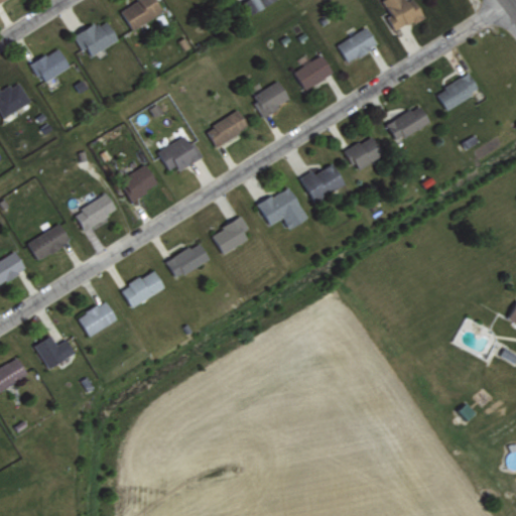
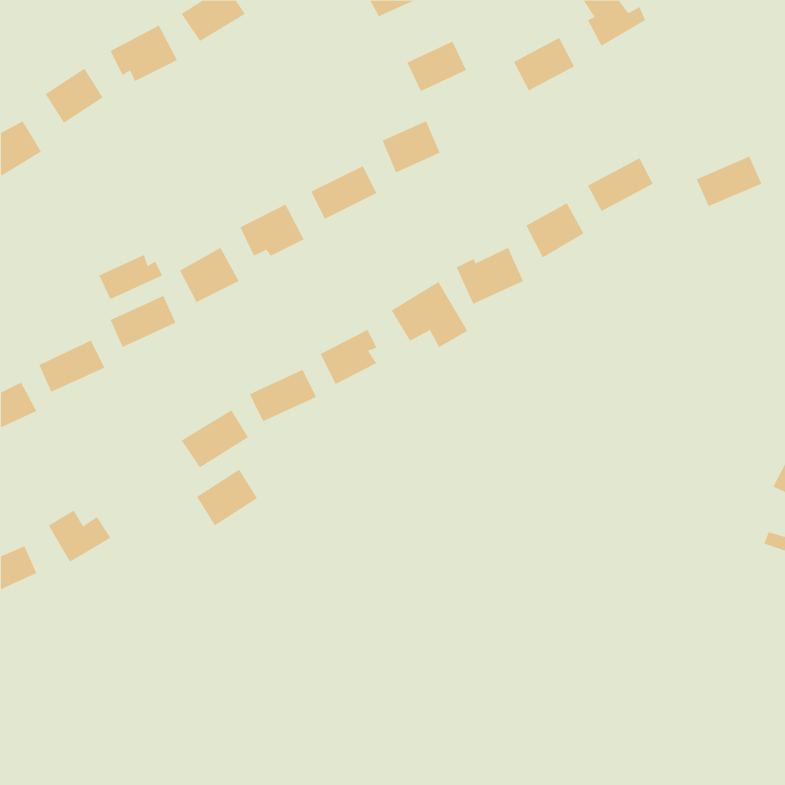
building: [294,56,334,90] -> [407,41,467,92]
building: [436,76,480,109] -> [696,156,762,207]
building: none -> [98,254,163,300]
building: [78,300,118,338] -> [196,469,258,526]

